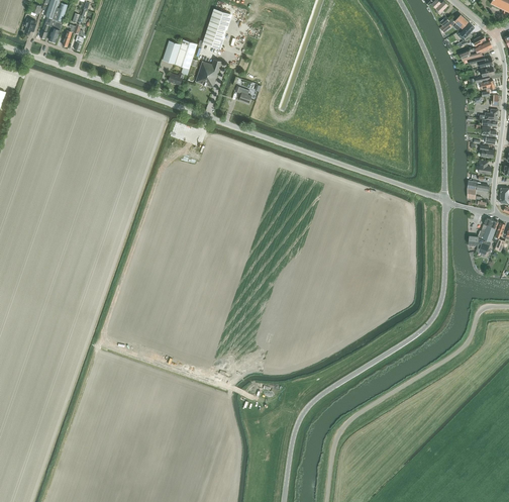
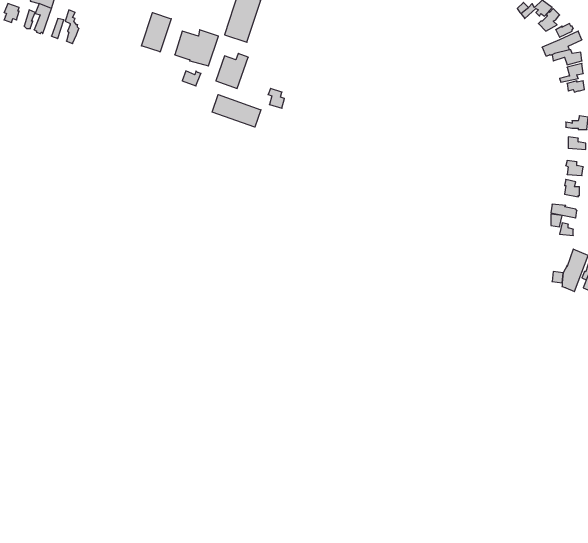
building: none -> [141,13,171,52]
building: none -> [212,95,261,127]

